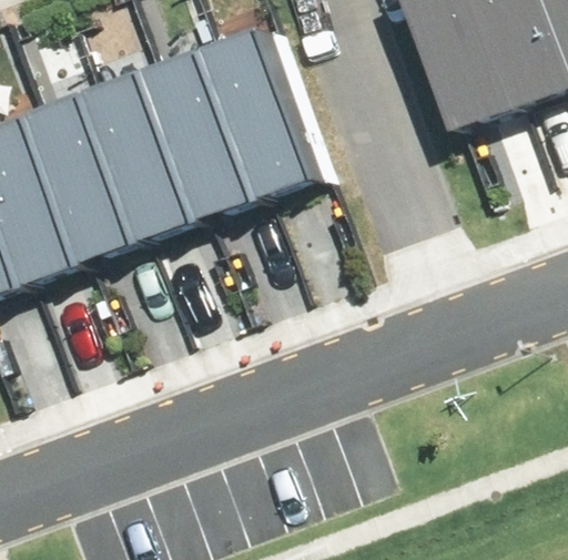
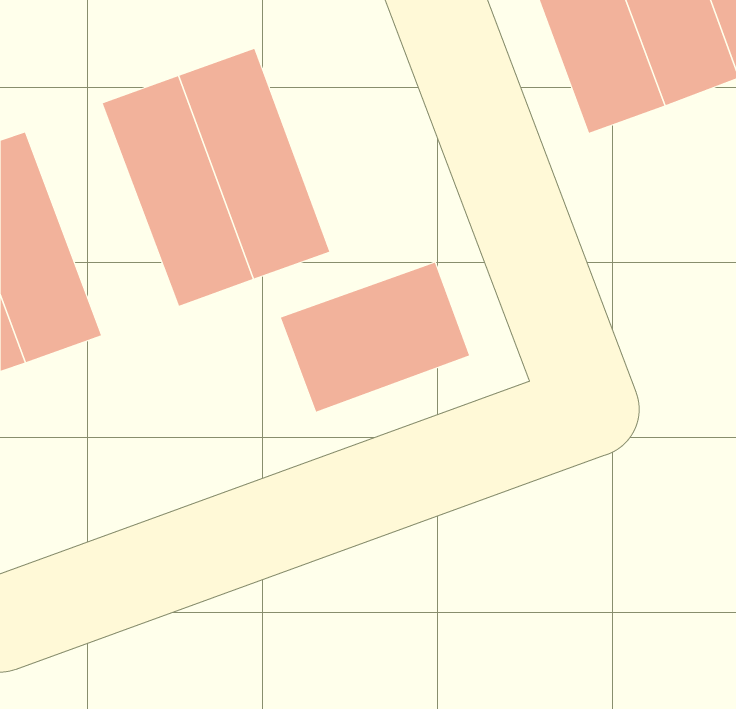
building: [196,24,313,203] -> none
building: [20,89,138,267] -> none
building: none -> [280,262,470,413]

